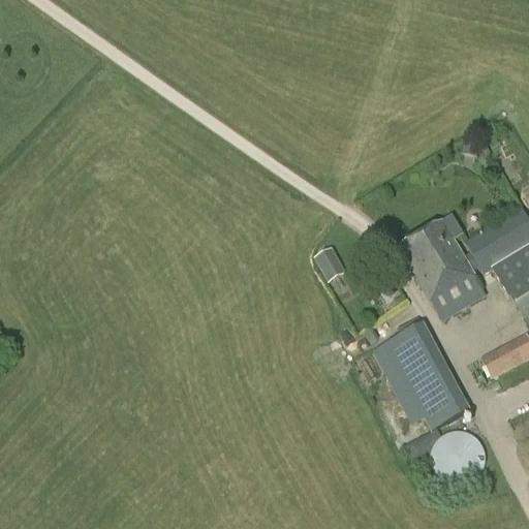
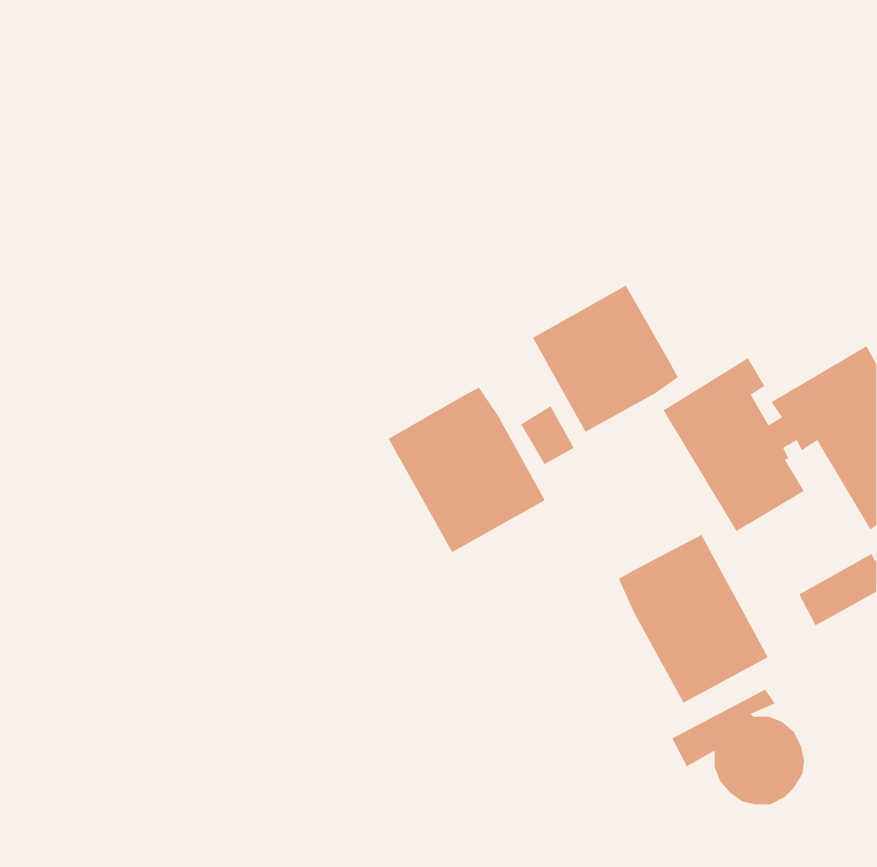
building: none -> [532,285,679,433]
building: none -> [388,386,546,553]

